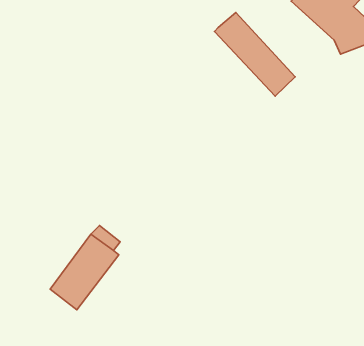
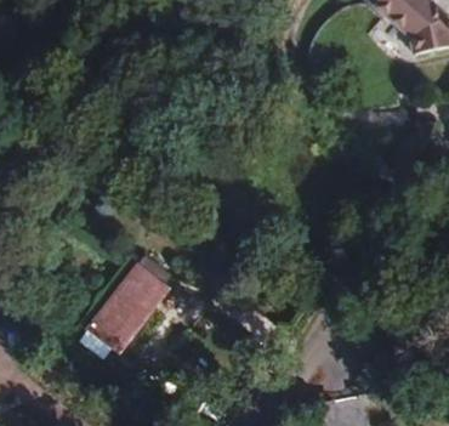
building: [214,13,295,96] -> none

